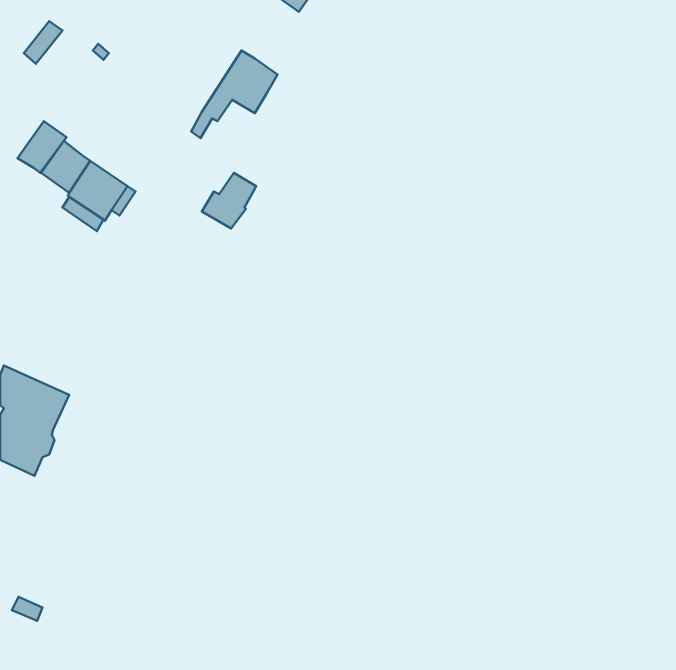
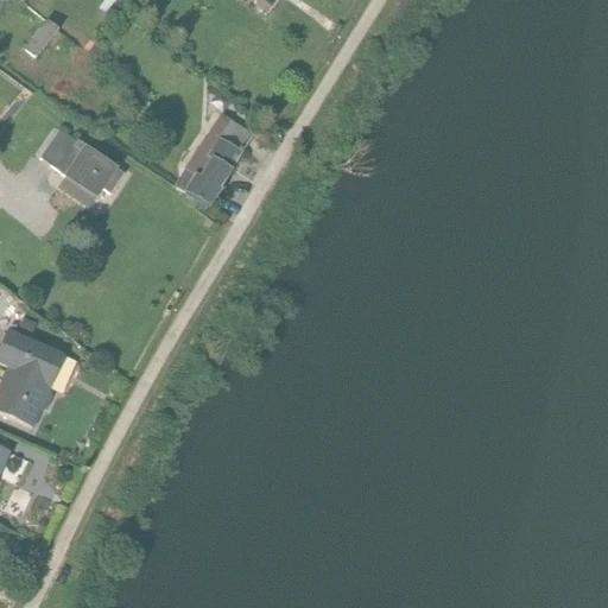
building: [191,51,277,138] -> [175,110,252,189]
building: [18,121,67,173] -> none

